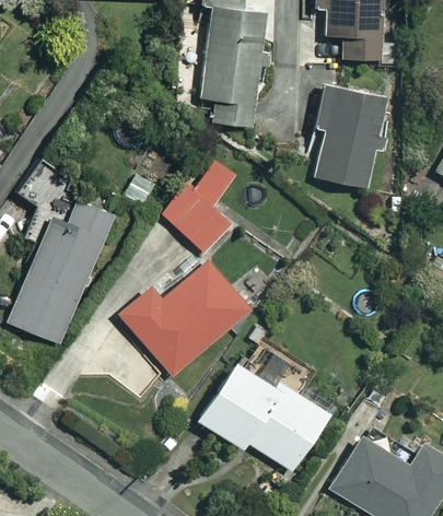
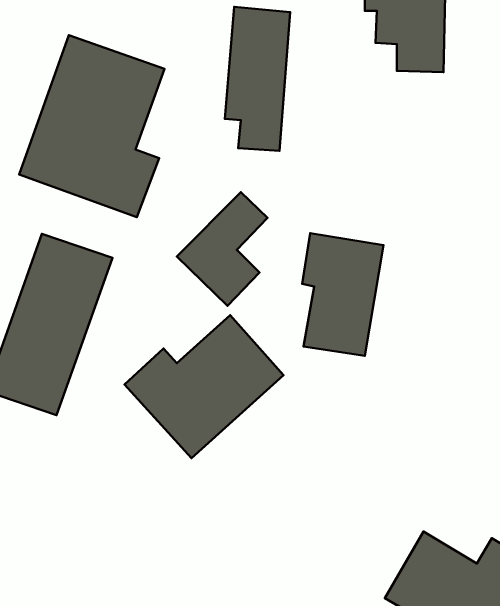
building: none -> [19,35,164,217]
building: [316,87,383,188] -> [302,233,384,356]
building: [198,361,329,471] -> none

